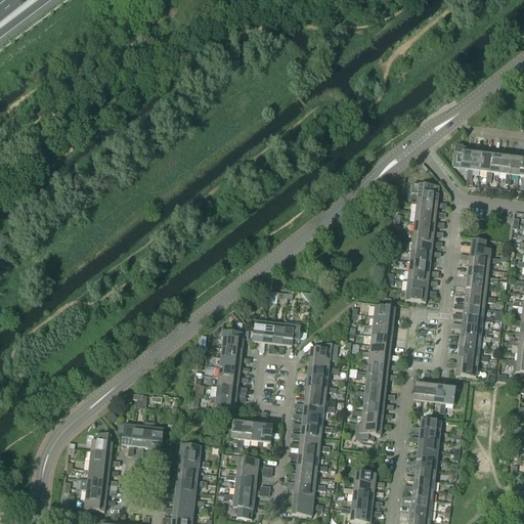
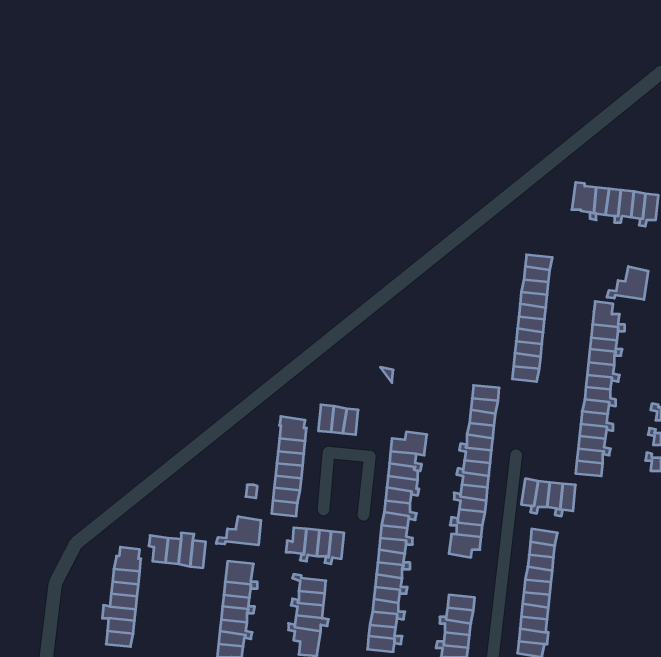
building: [411,182,438,204] -> none
building: none -> [607,266,648,300]
building: [281,321,301,346] -> none
building: none -> [216,516,261,545]

